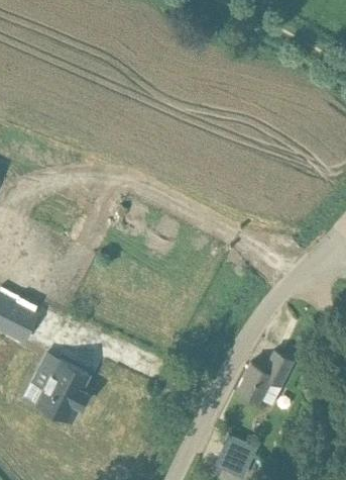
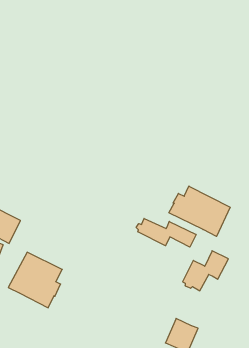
building: none -> [169,186,230,236]
building: none -> [136,218,196,247]

